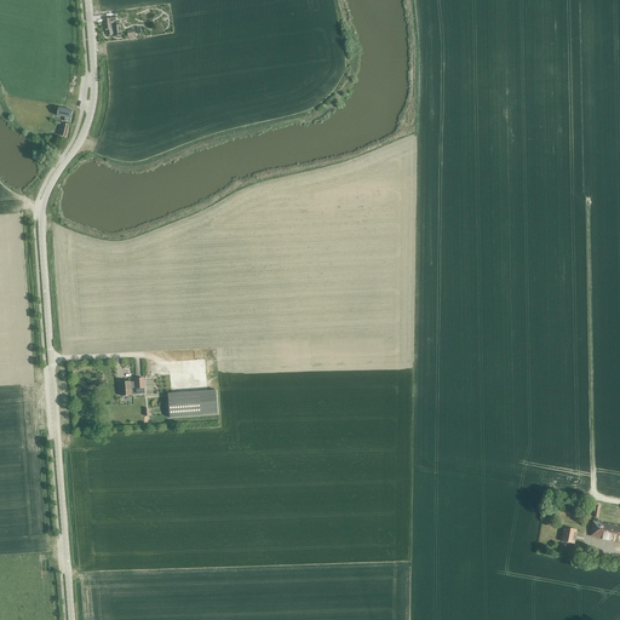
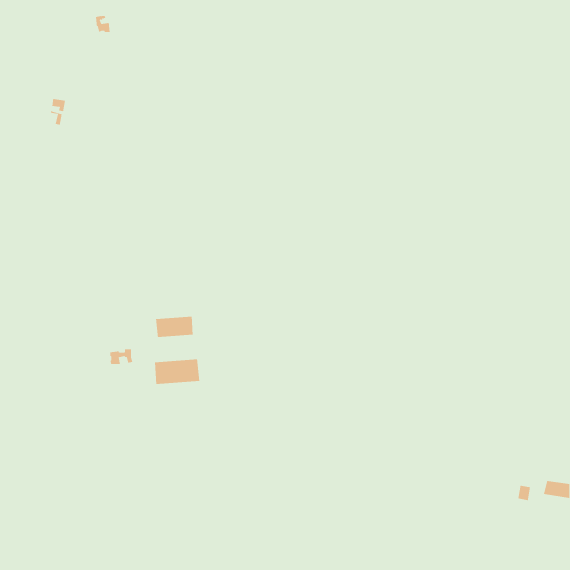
building: none -> [156,316,193,338]

